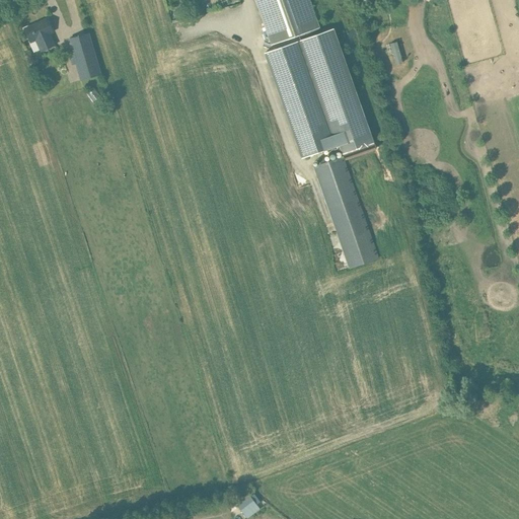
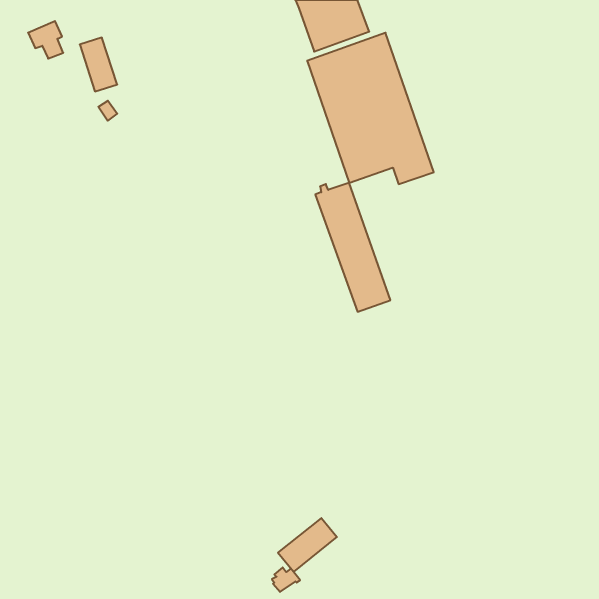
building: [313,157,378,269] -> [315,183,390,312]
building: none -> [278,518,337,572]

